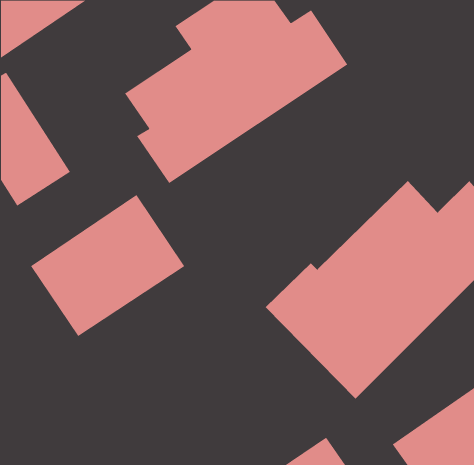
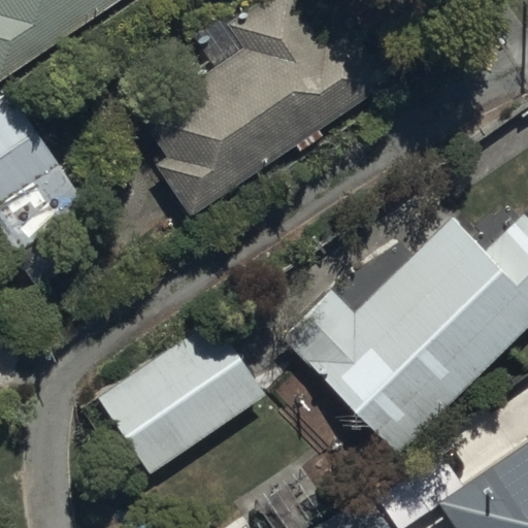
building: [30,194,185,337] -> [97,317,268,474]

